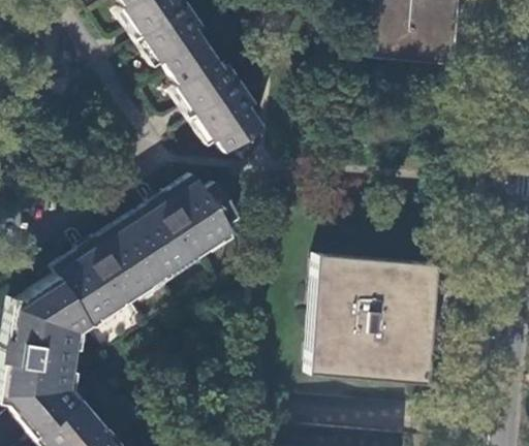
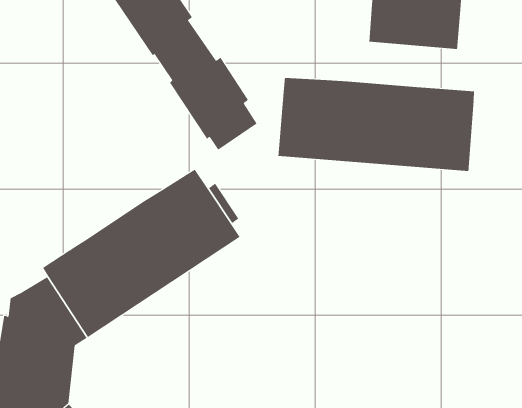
building: none -> [278,77,475,172]
building: [307,255,436,382] -> none

